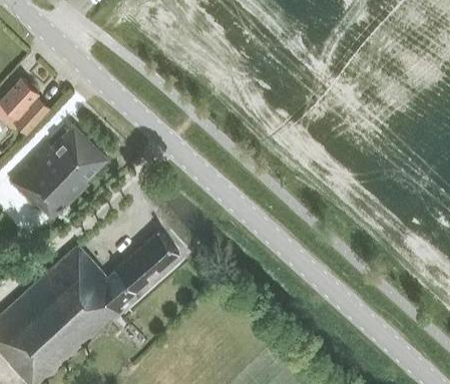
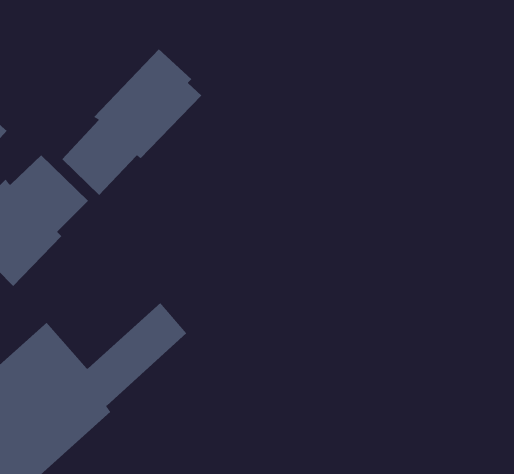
building: none -> [62,48,202,196]

